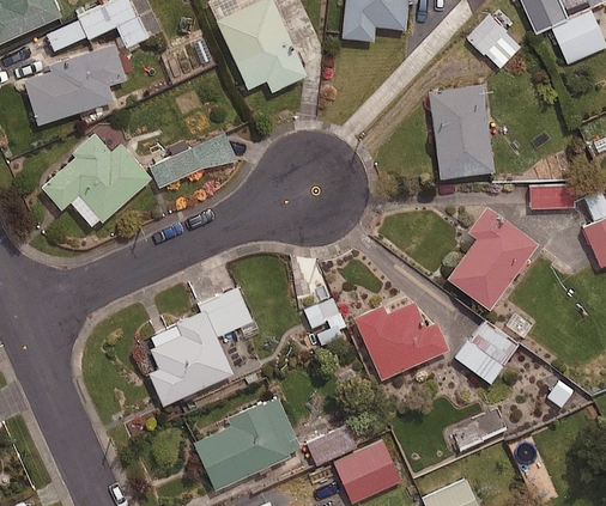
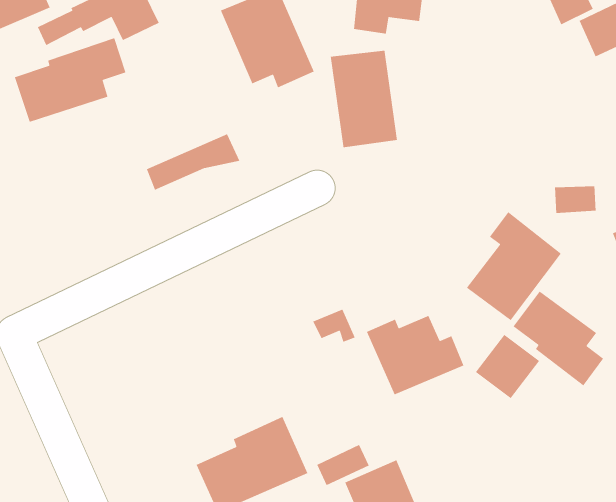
building: [466,14,520,69] -> none
building: [429,86,492,178] -> [330,50,398,148]
building: [41,134,150,227] -> none
building: none -> [512,291,604,387]
building: [144,287,252,406] -> none

